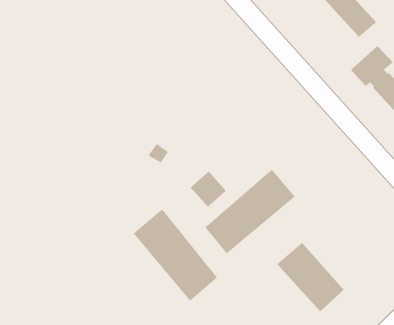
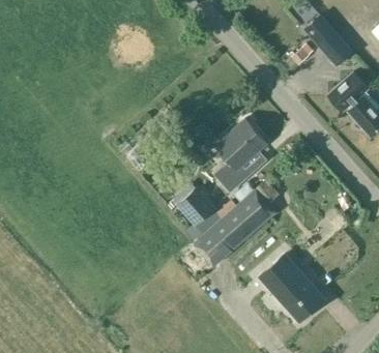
building: none -> [214,119,267,193]
building: [133,209,218,301] -> none

